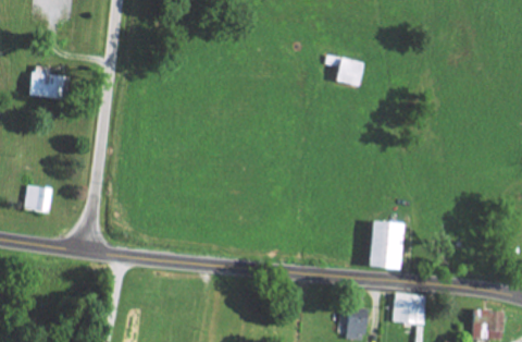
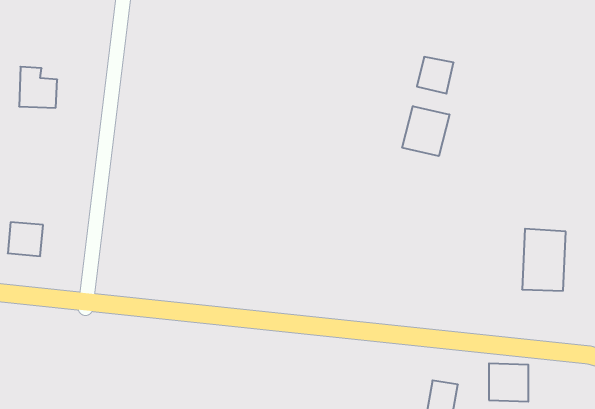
building: none -> [402,106,449,156]
building: [373,221,407,269] -> [522,229,566,291]

